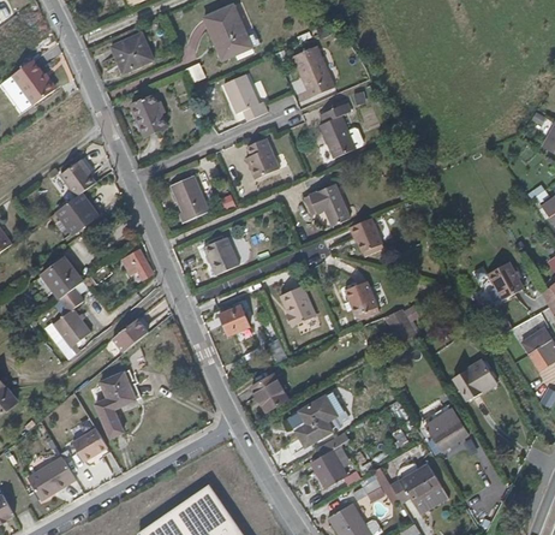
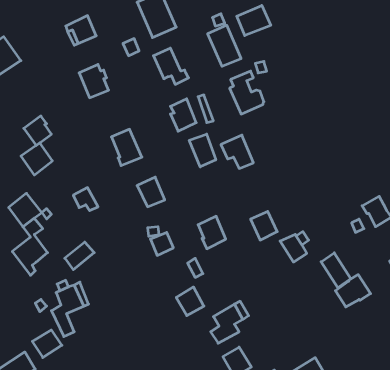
building: none -> [237,5,271,36]
building: none -> [189,134,216,167]
building: [350,216,382,250] -> none
building: none -> [321,253,351,288]
building: [426,410,469,451] -> none

